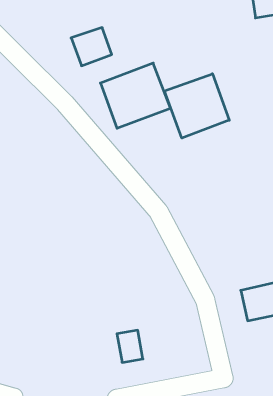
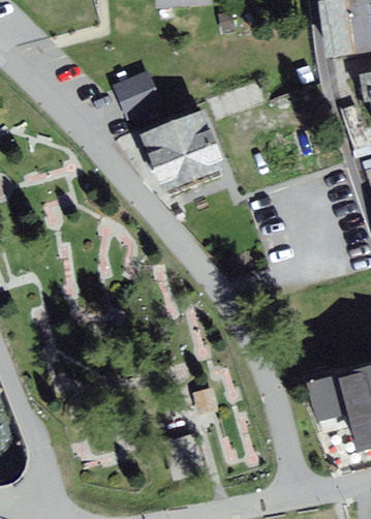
building: [164,74,229,138] -> none

